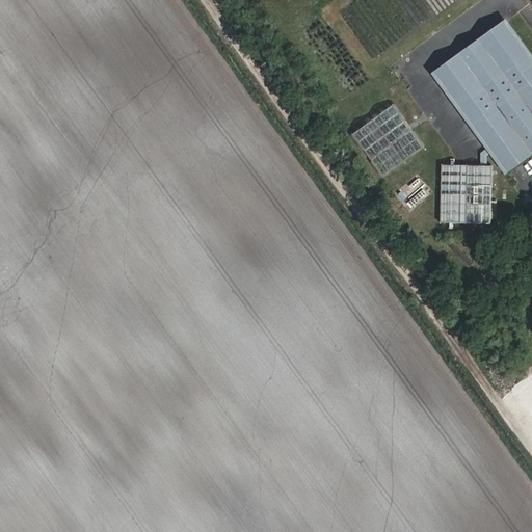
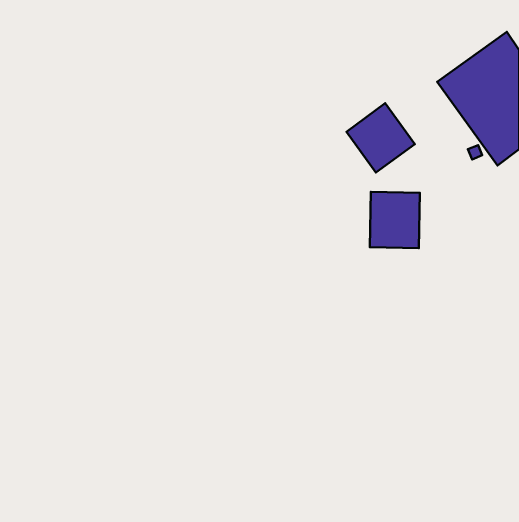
building: [436,21,515,83] -> none
building: [440,165,490,222] -> [370,192,420,248]

